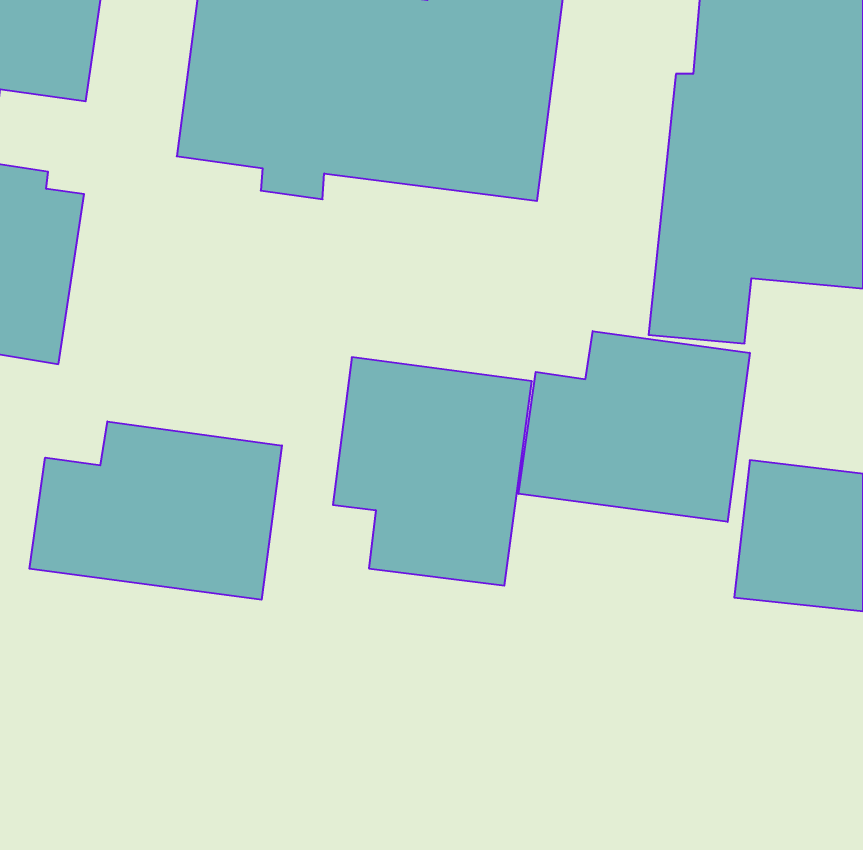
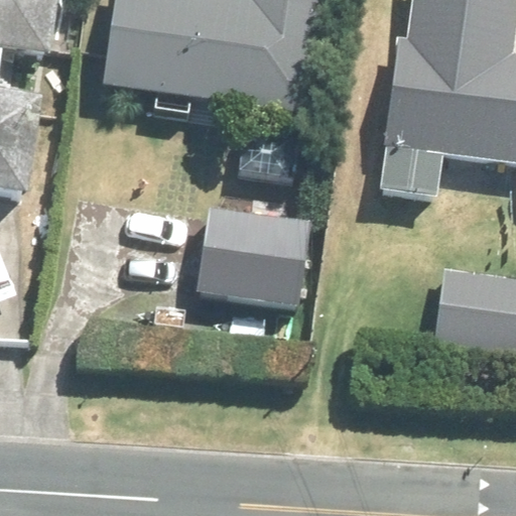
building: [519,331,750,522] -> none
building: [29,421,282,600] -> none

